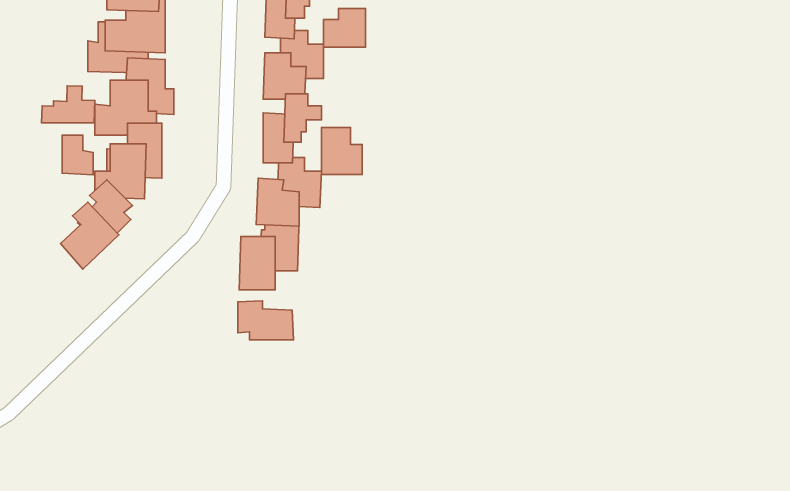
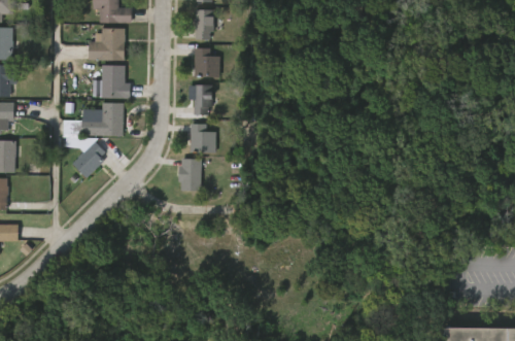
building: [323,8,366,47] -> none
building: [41,86,95,123] -> none
building: [322,128,362,174] -> none
building: [238,301,294,340] -> none

